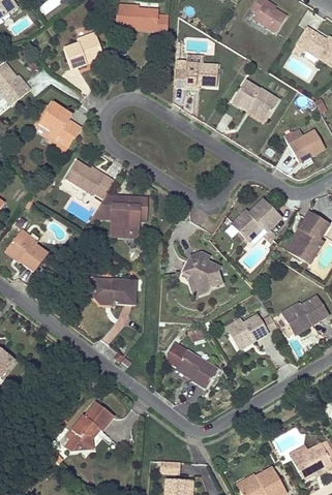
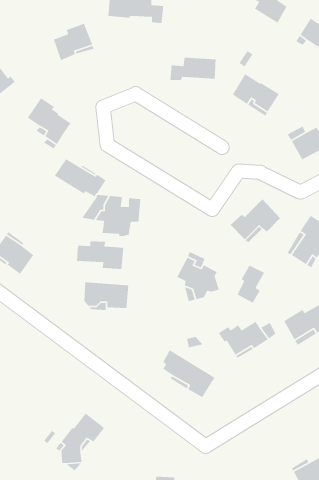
building: none -> [76,240,124,270]
building: none -> [236,264,265,304]

